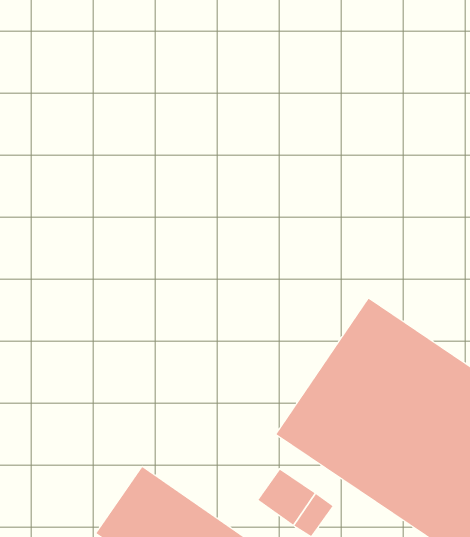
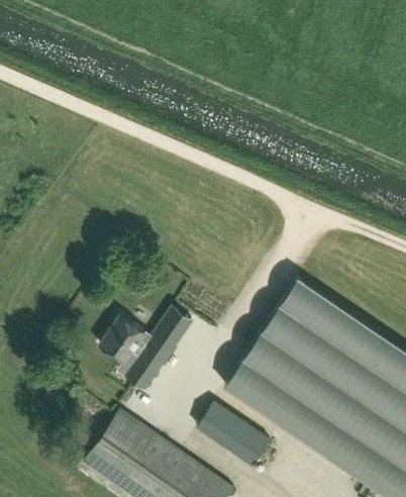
building: none -> [100,310,192,391]
building: none -> [197,404,228,438]

